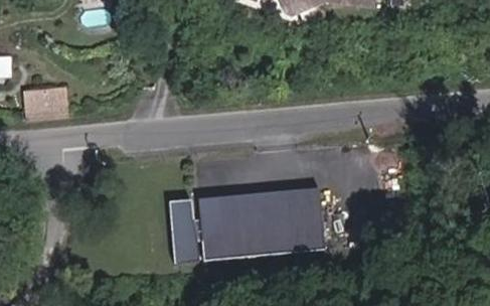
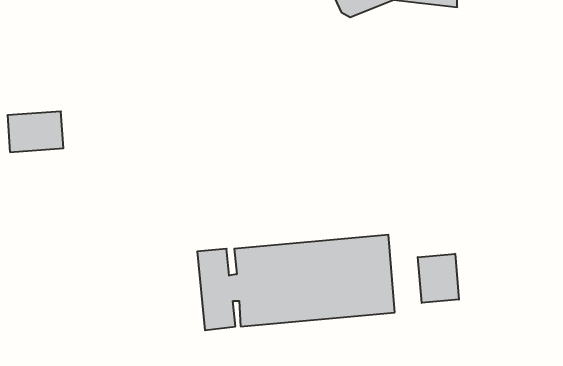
building: none -> [418,254,459,303]

